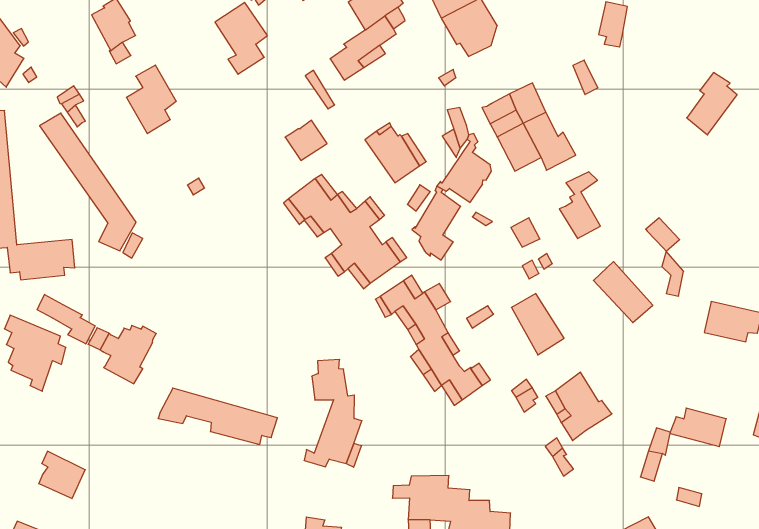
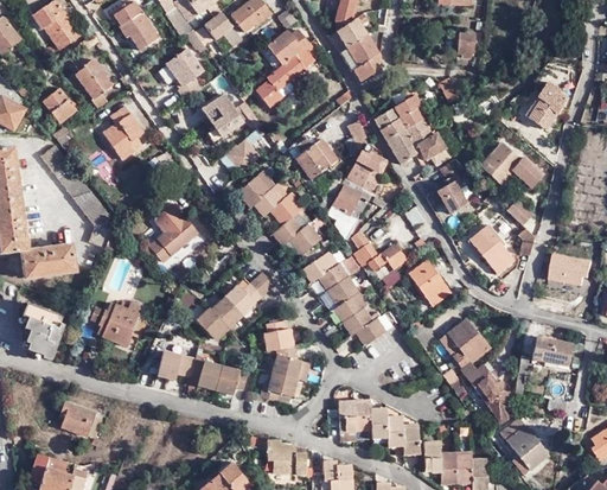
building: none -> [40,87,76,123]
building: none -> [202,94,243,145]
building: none -> [479,140,539,183]
building: none -> [142,205,198,262]
building: none -> [347,228,407,266]
building: [37,294,95,344] -> none
building: none -> [198,276,275,344]
building: none -> [458,357,511,418]

